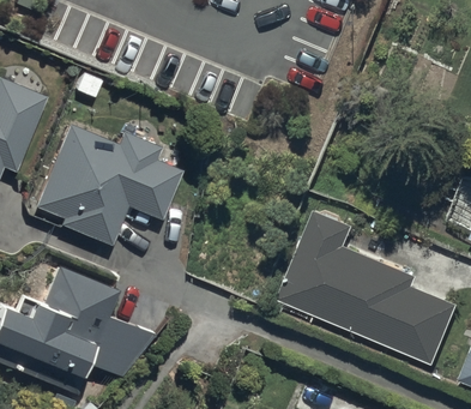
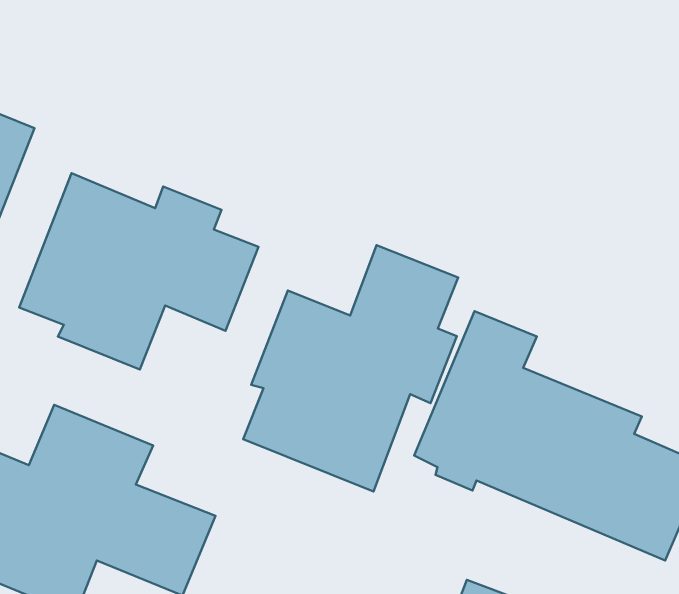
building: none -> [243,245,458,491]

